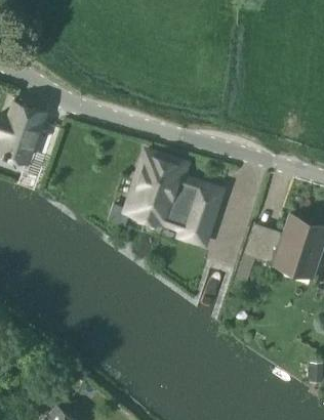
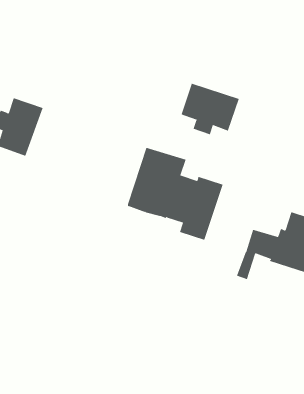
building: none -> [181,83,239,135]

